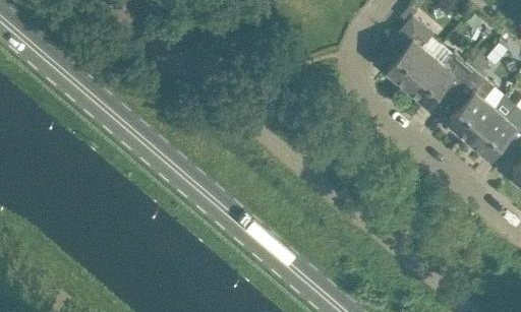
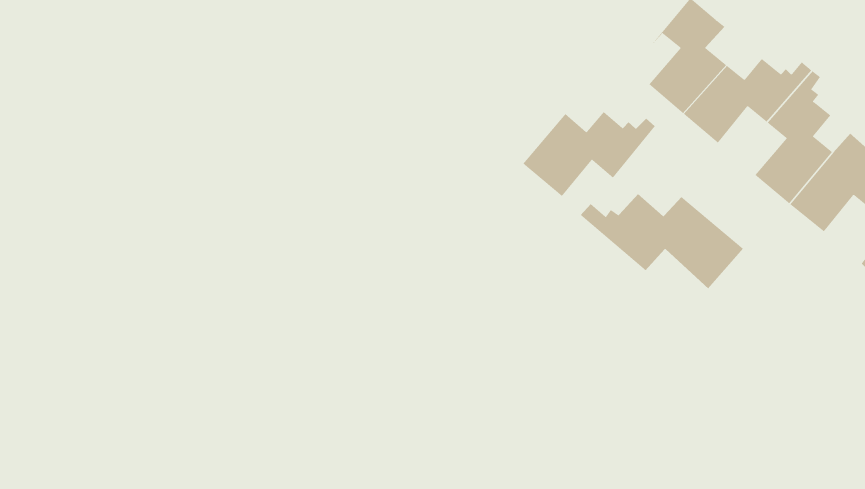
building: none -> [522,111,656,197]
building: none -> [580,193,744,289]

